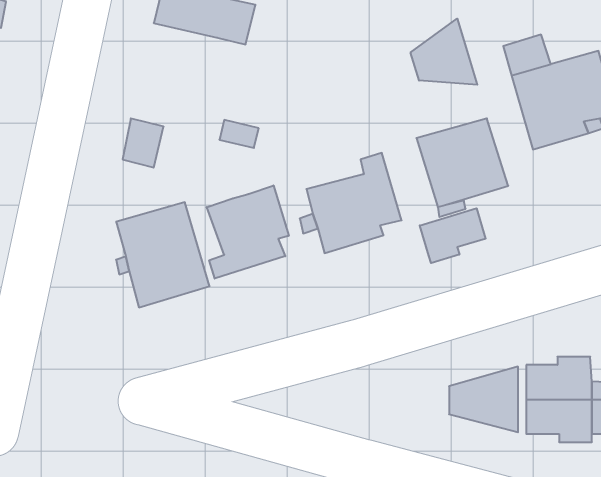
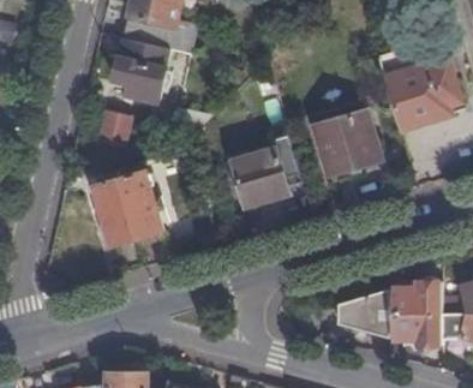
building: [411,19,477,85] -> none
building: none -> [113,40,169,105]
building: [207,185,289,279] -> none
building: [420,208,486,263] -> none

